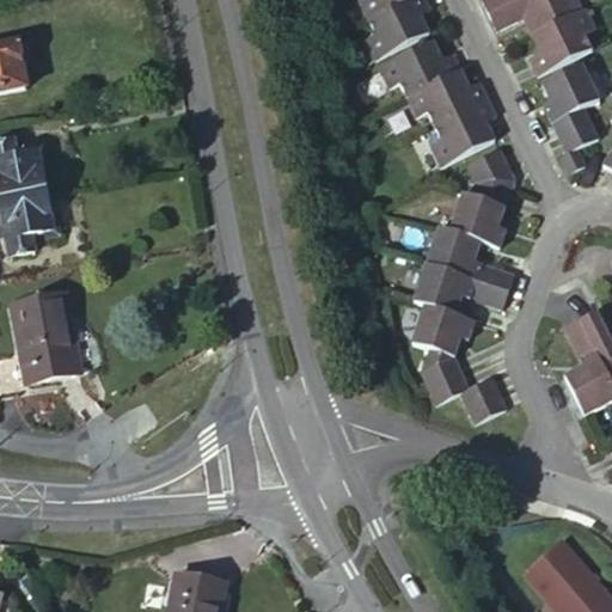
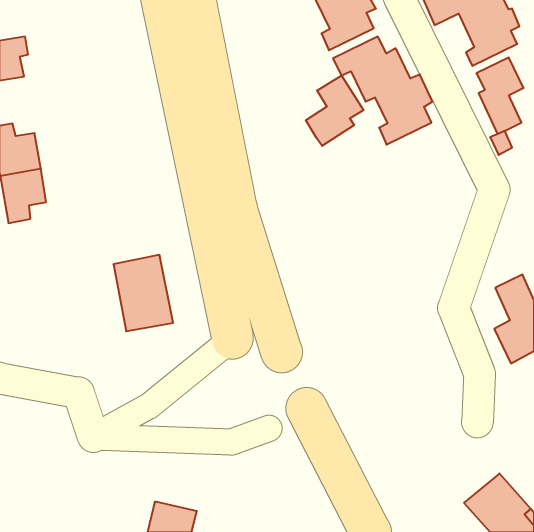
building: none -> [306,75,363,146]
building: [412,149,512,423] -> none
building: [13,294,81,381] -> [113,255,173,331]

